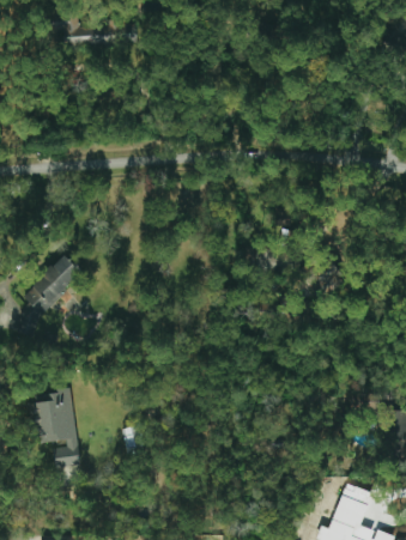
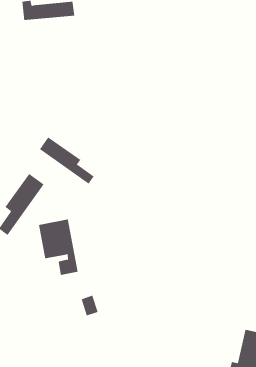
building: none -> [39,136,94,185]
building: [29,390,80,467] -> [38,219,78,275]

